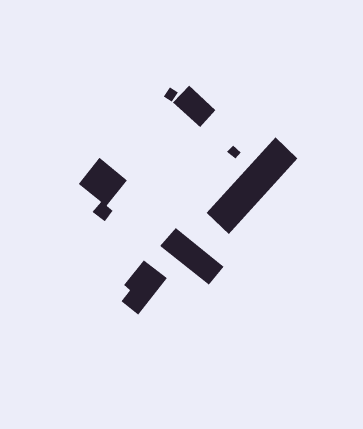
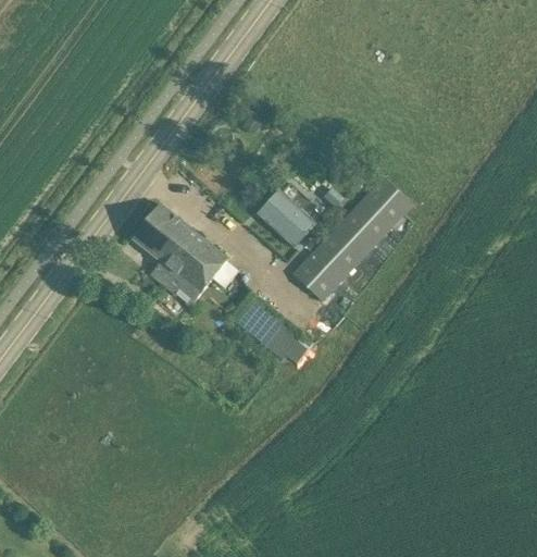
building: [172,85,216,128] -> [255,189,312,245]
building: [121,260,168,315] -> [165,233,226,305]

